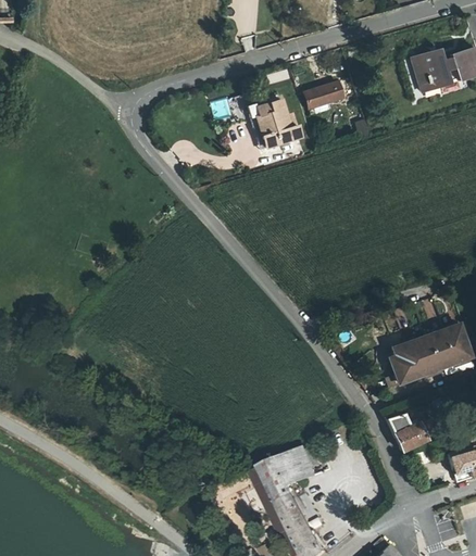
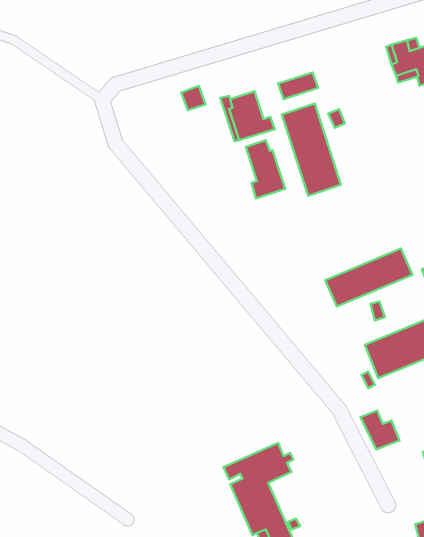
building: none -> [282,103,341,196]
building: none -> [246,140,285,198]
building: none -> [325,249,412,306]

